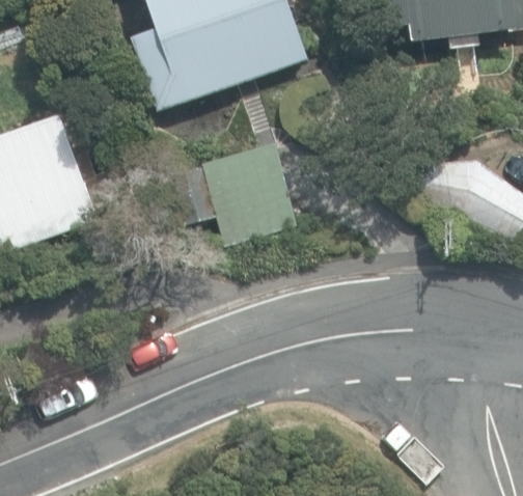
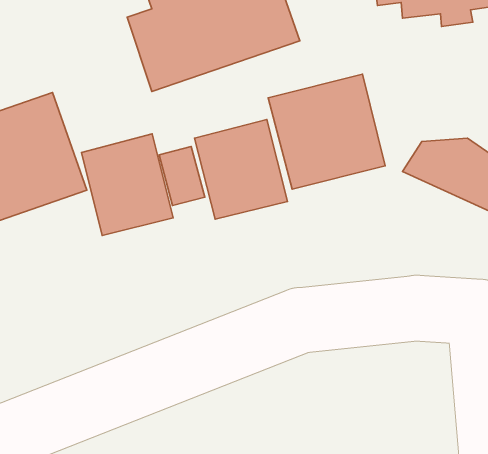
building: none -> [268,74,385,189]
building: none -> [81,134,173,236]

